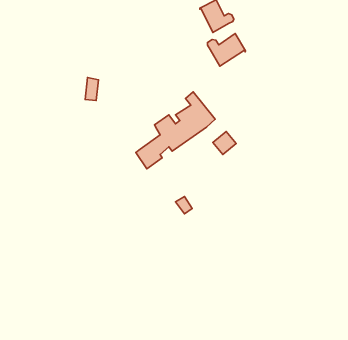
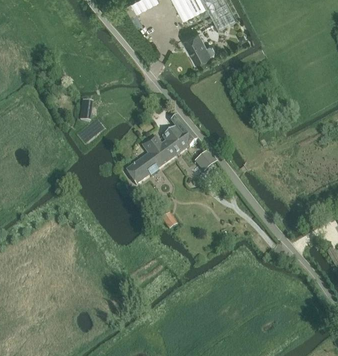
building: [207,34,246,66] -> none

